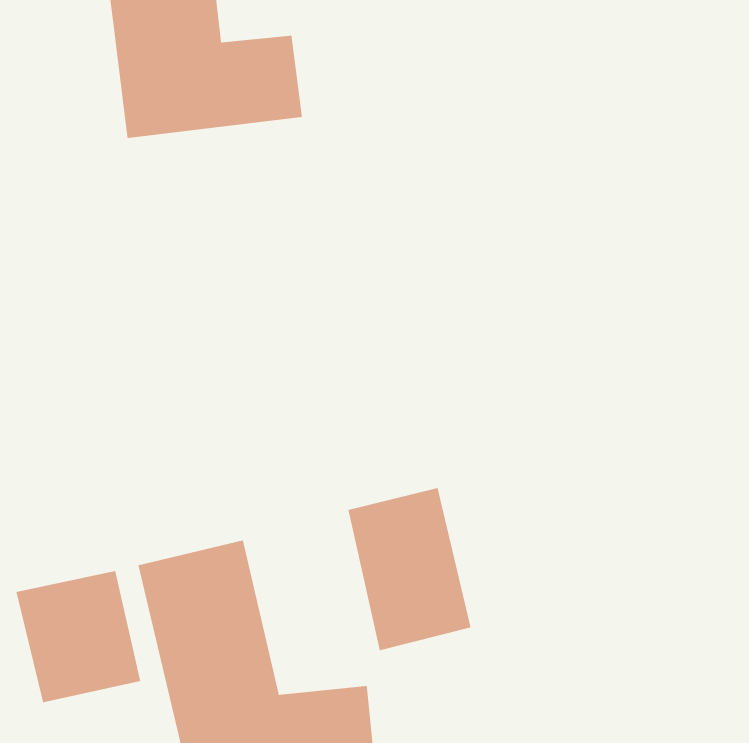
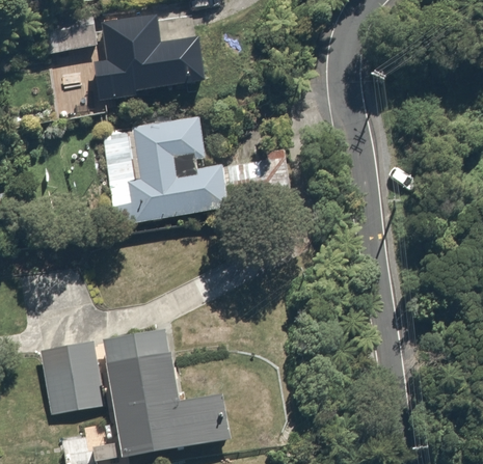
building: none -> [91,113,230,219]
building: [347,487,472,651] -> none

